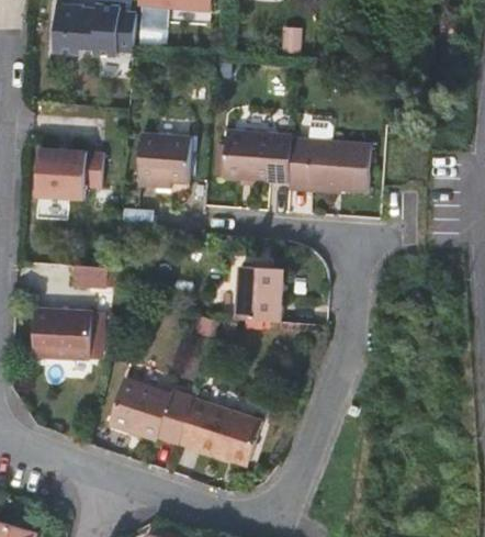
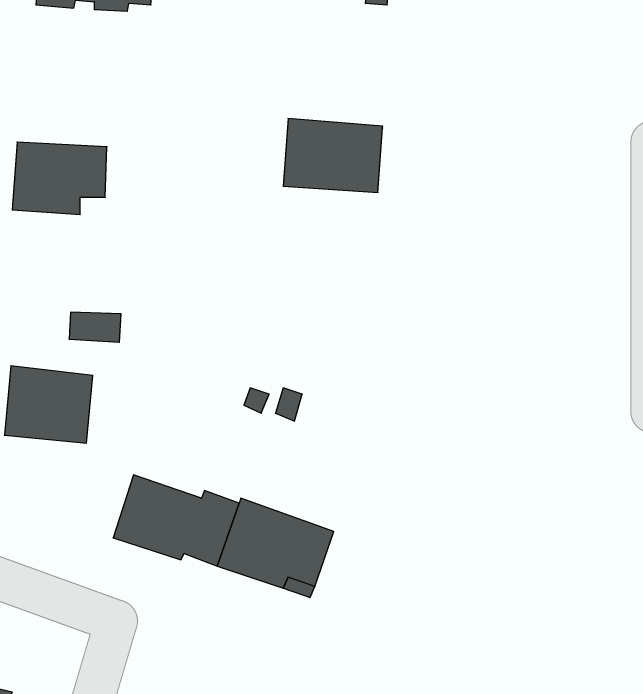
building: [290,120,372,190] -> none
building: [135,134,191,187] -> none
building: [236,264,283,321] -> none

